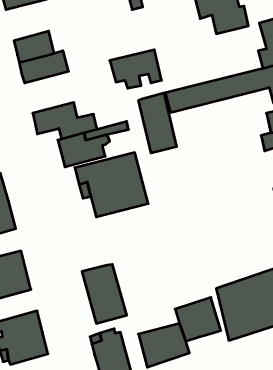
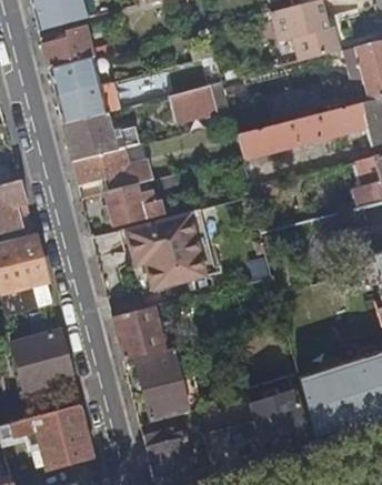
building: none -> [43,24,93,69]
building: none -> [63,110,139,159]
building: [139,93,177,153] -> none
building: none -> [113,305,165,357]

